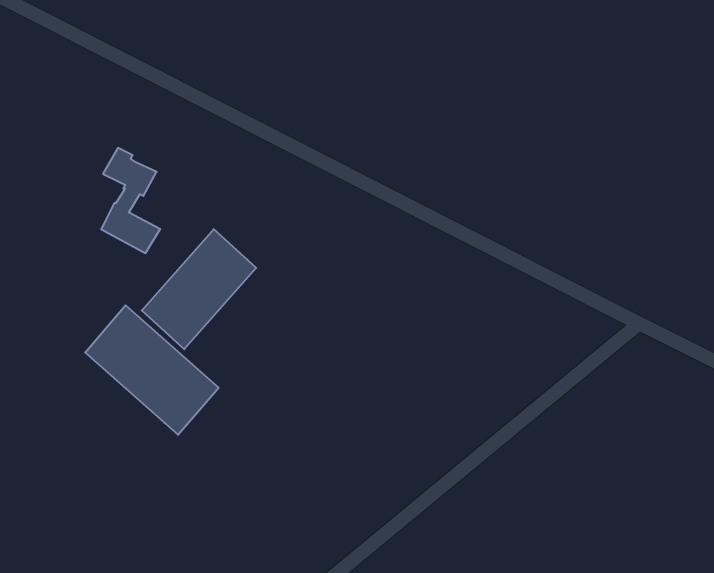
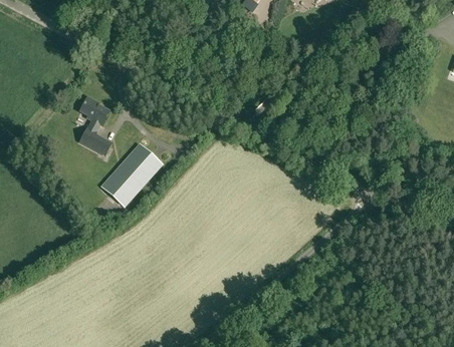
building: [85,305,219,435] -> none

